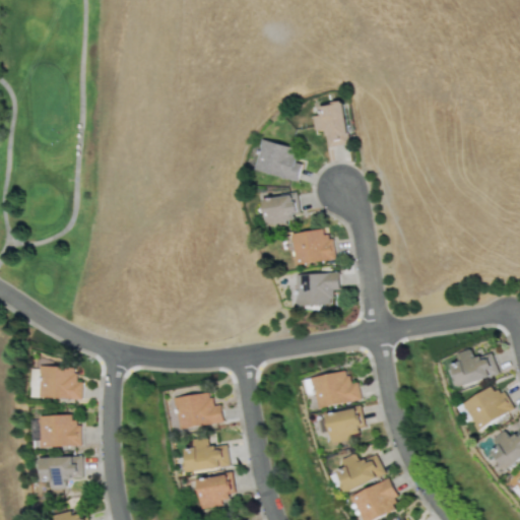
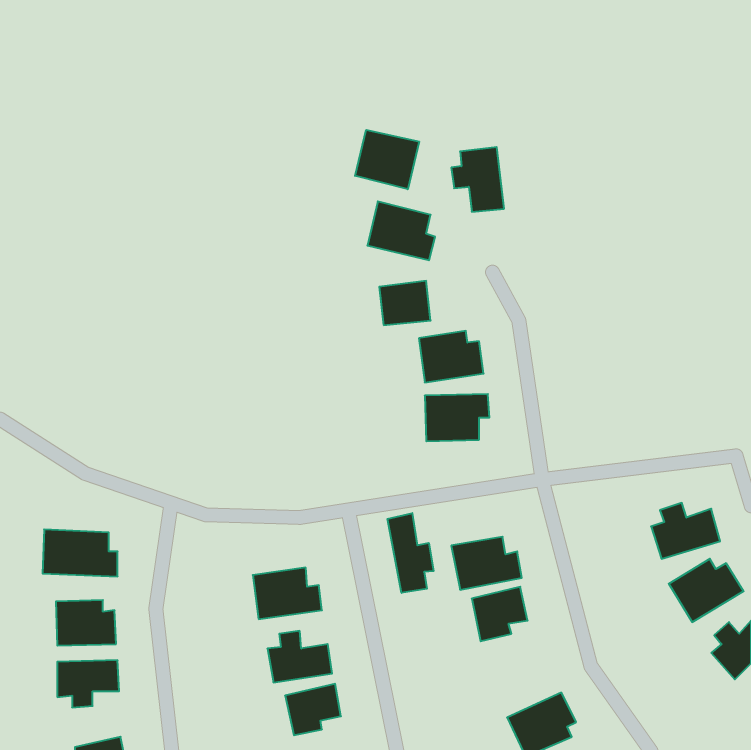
building: none -> [355,130,419,189]
building: none -> [387,513,434,593]
building: [331,454,385,493] -> none

